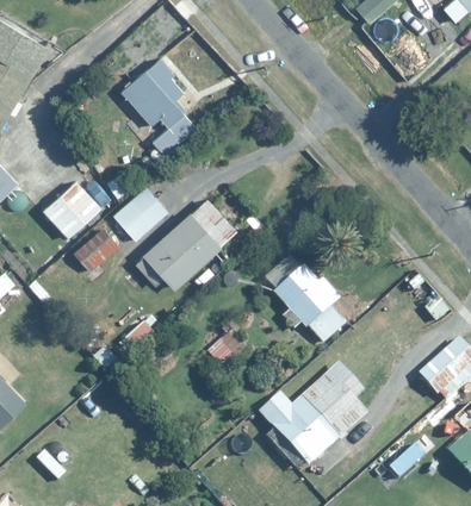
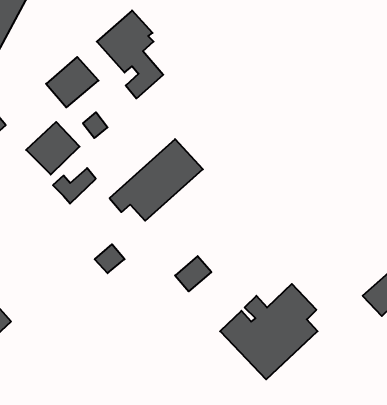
building: [112,186,171,242] -> [46,57,99,107]
building: [264,252,351,344] -> none

